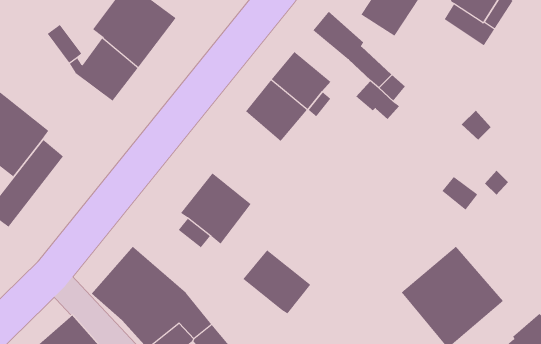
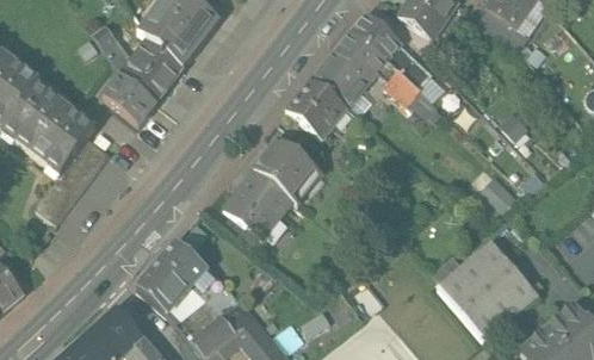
building: none -> [334,30,408,94]
building: none -> [103,72,157,123]
building: [242,249,311,314] -> [254,139,321,203]

